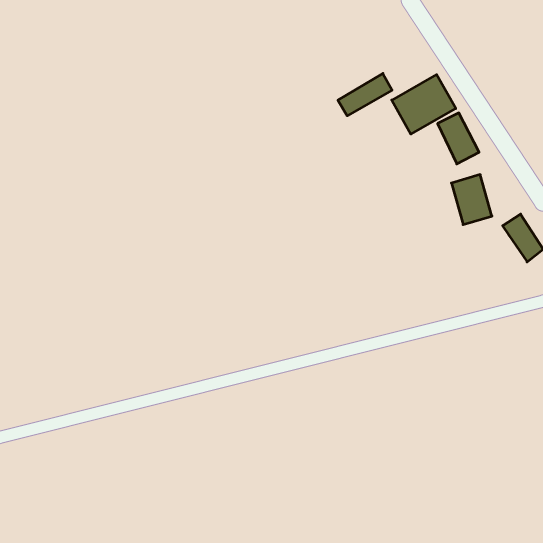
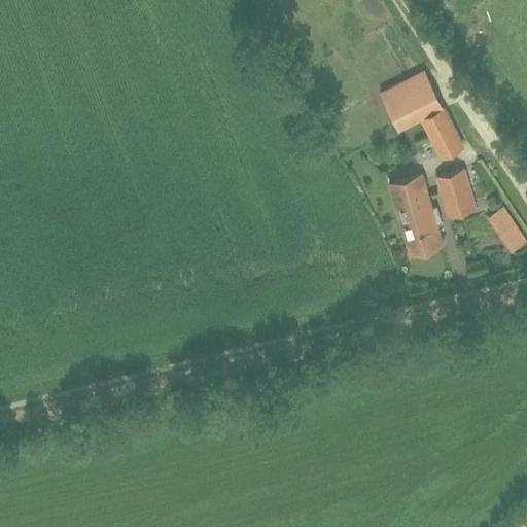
building: [338,73,392,116] -> none
building: none -> [389,175,442,256]

